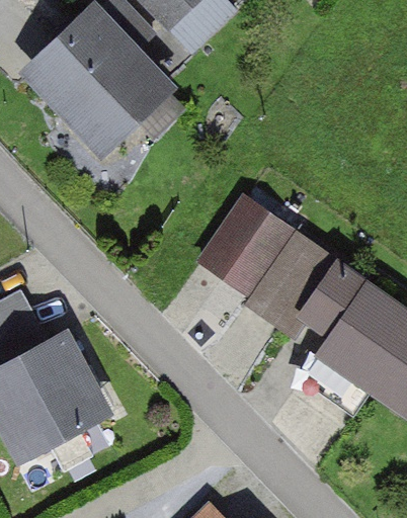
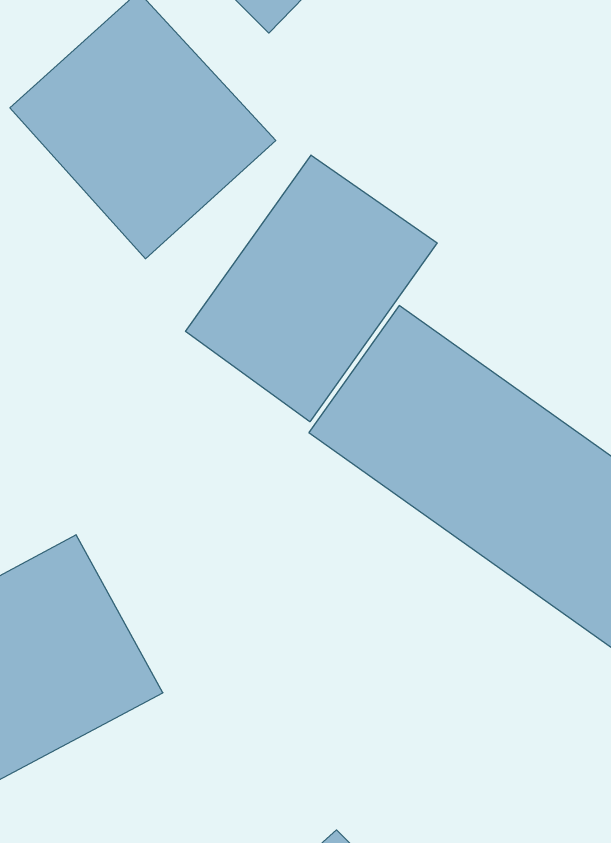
building: none -> [186,155,437,422]

